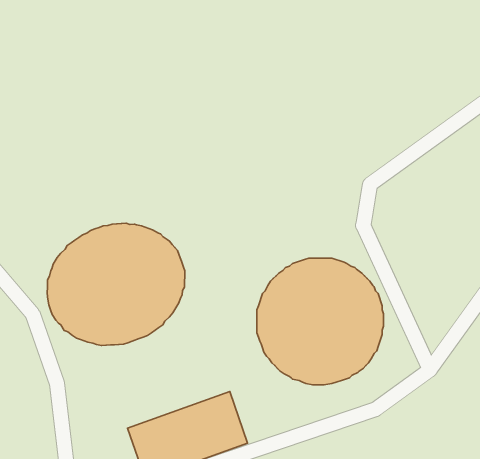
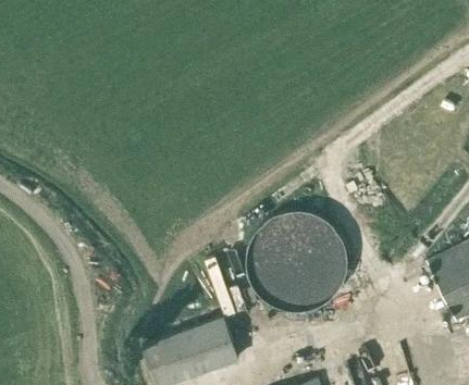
building: [47,223,185,345] -> none

